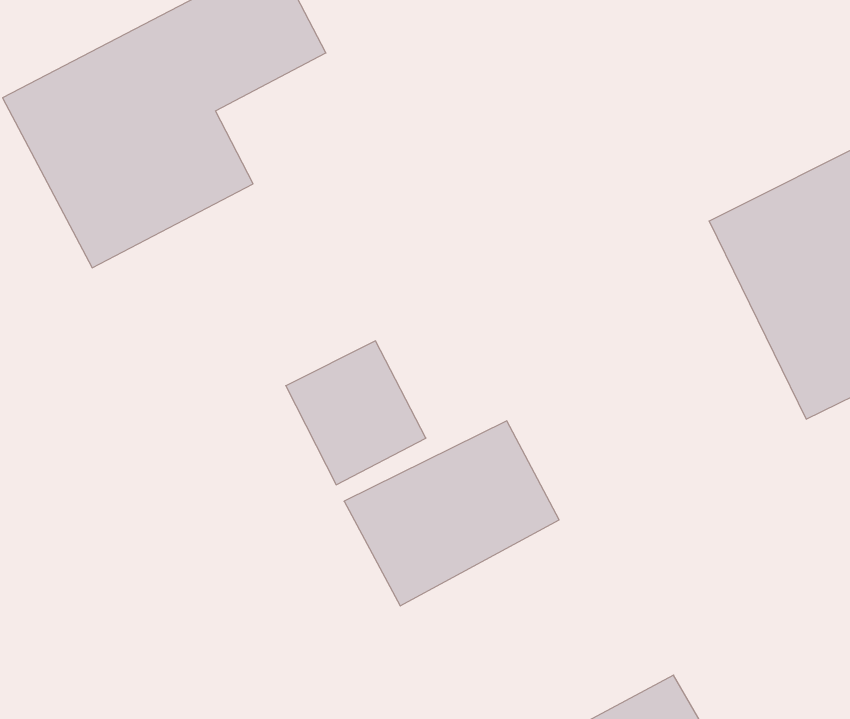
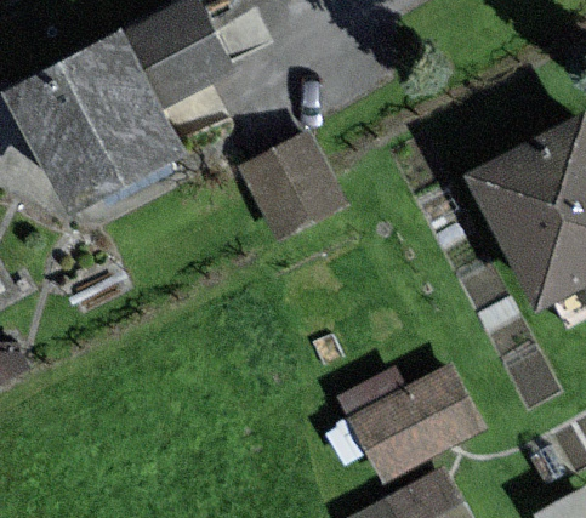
building: [286,341,426,485] -> [239,138,330,232]
building: [344,421,559,606] -> [349,364,489,484]

